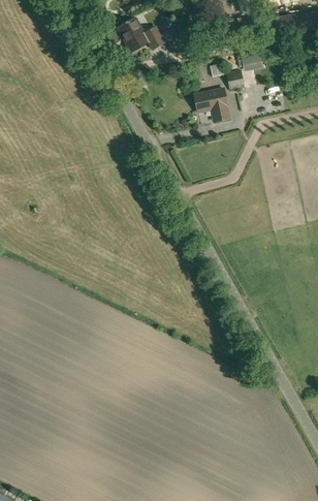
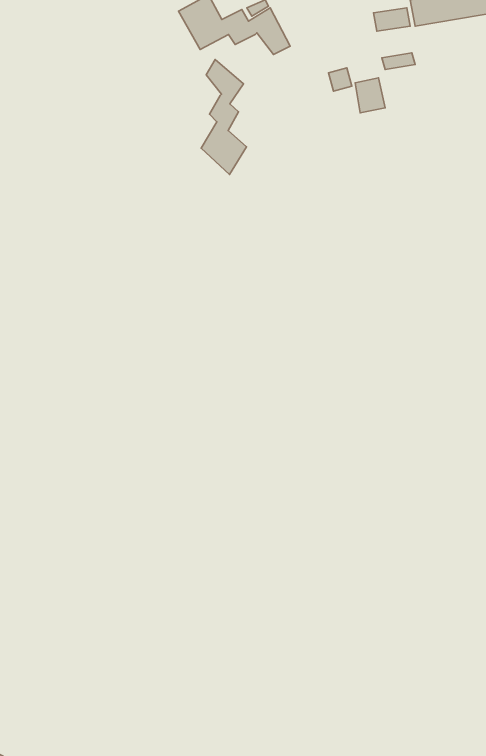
building: none -> [201,59,246,174]
building: [193,88,229,122] -> none

